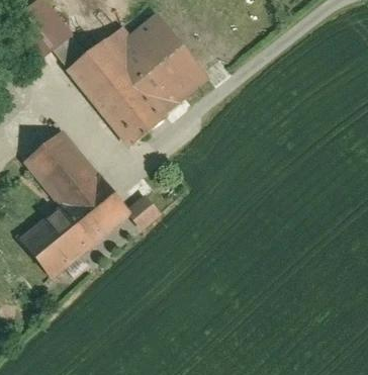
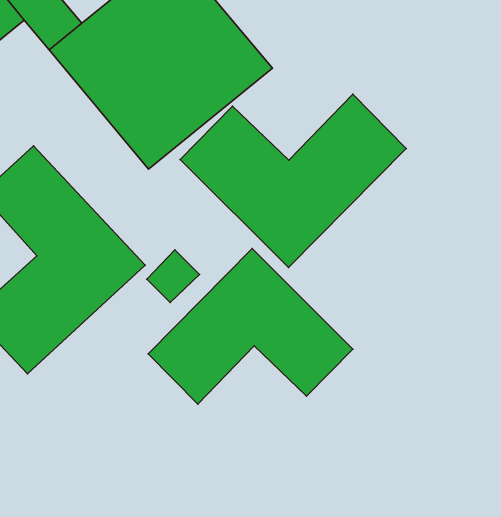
building: none -> [180,94,406,268]
building: none -> [148,249,353,404]

